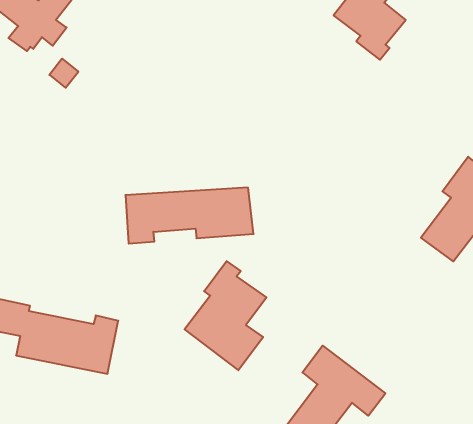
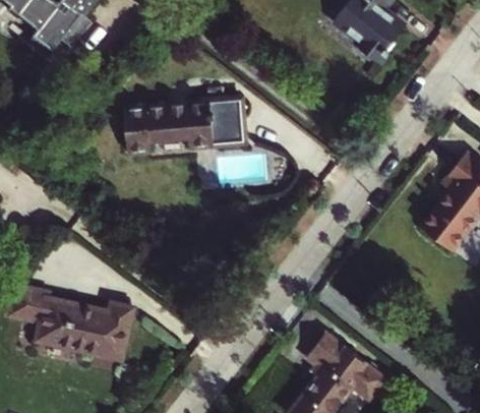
building: [125,188,254,244] -> [128,98,249,151]
building: [185,261,266,370] -> none

